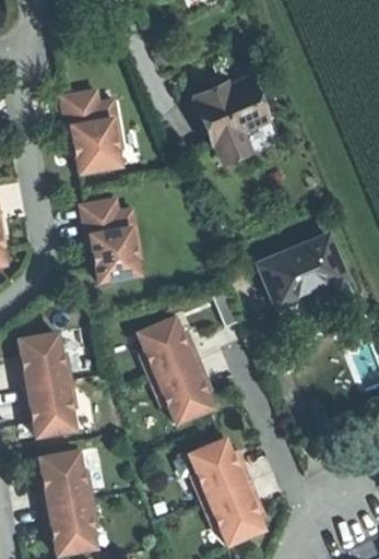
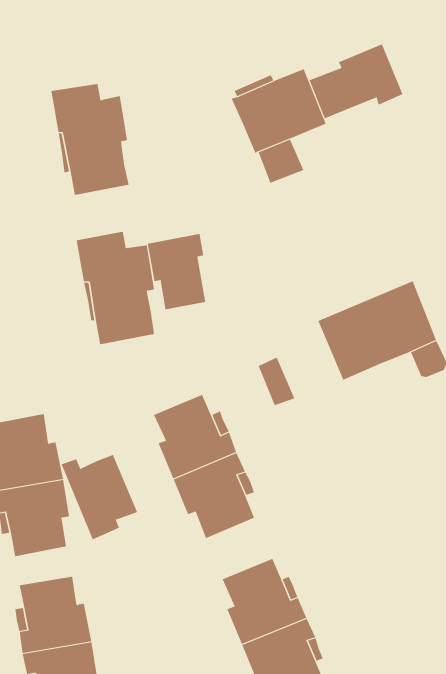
building: none -> [309,44,403,119]
building: none -> [147,233,206,310]
building: none -> [61,454,138,540]

